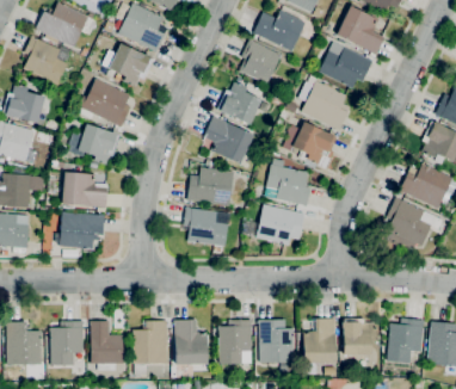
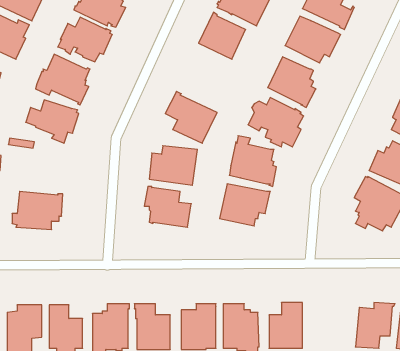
building: [217,81,261,125] -> none
building: [61,171,107,209] -> none
building: [341,319,375,354] -> none

